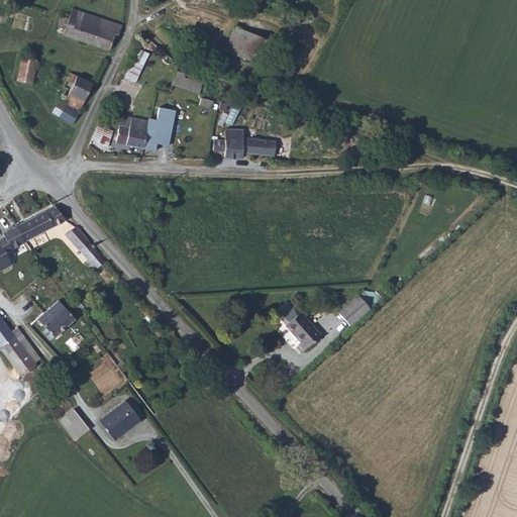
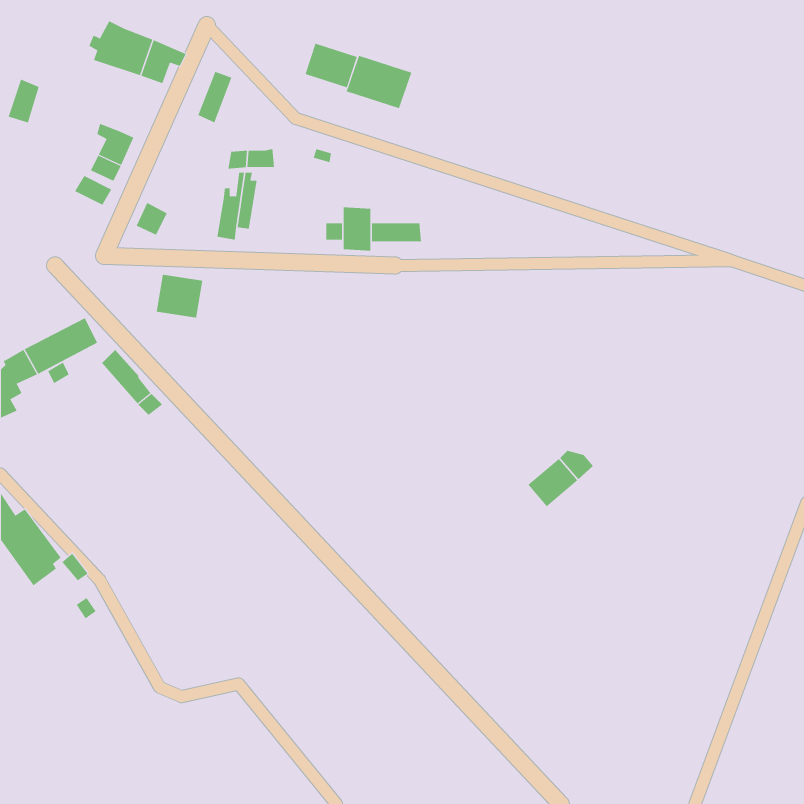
building: none -> [305,43,358,88]
building: [114,123,144,151] -> [156,274,203,318]
building: [39,298,77,335] -> none
building: [283,303,322,347] -> none
building: [101,398,142,438] -> none
building: [61,407,91,438] -> none

